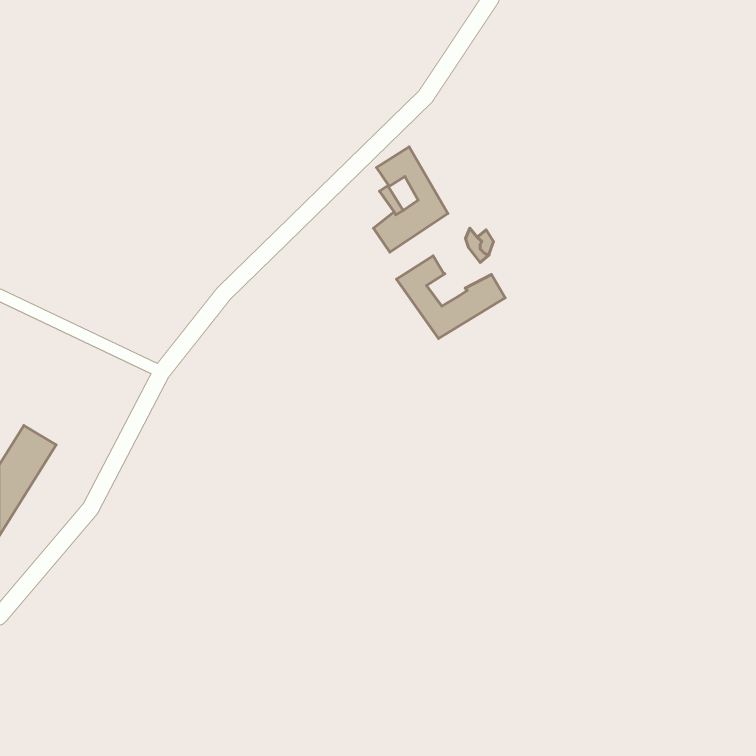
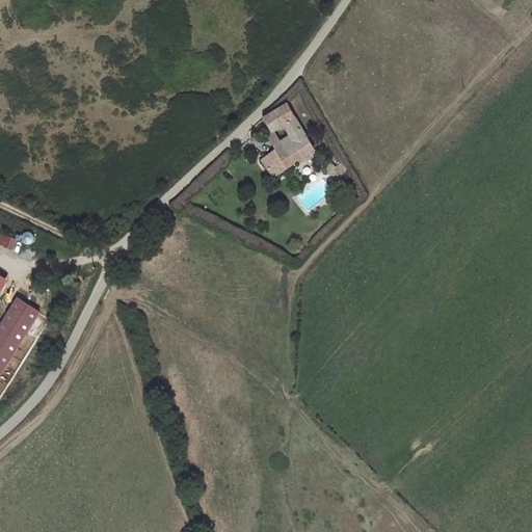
building: [397,256,505,338] -> none

